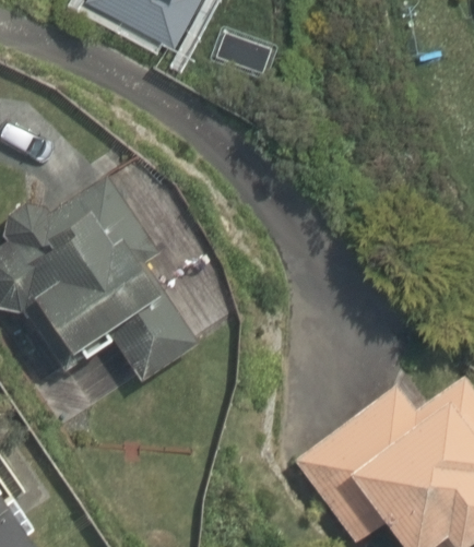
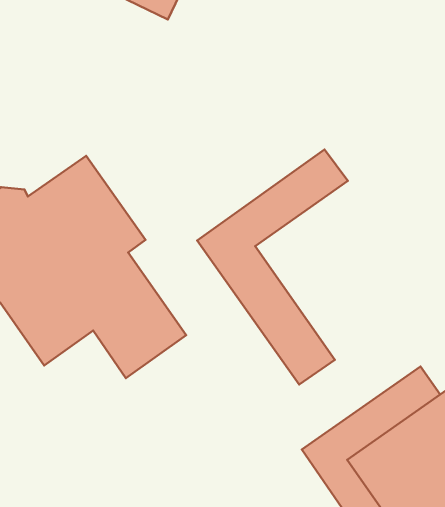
building: none -> [197,150,348,385]

